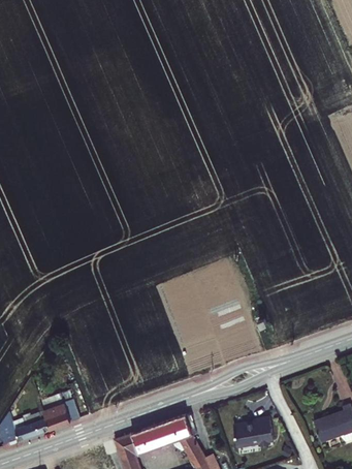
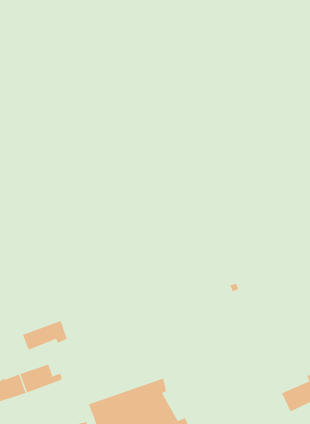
building: none -> [22,320,68,350]
building: [232,417,273,447] -> none

